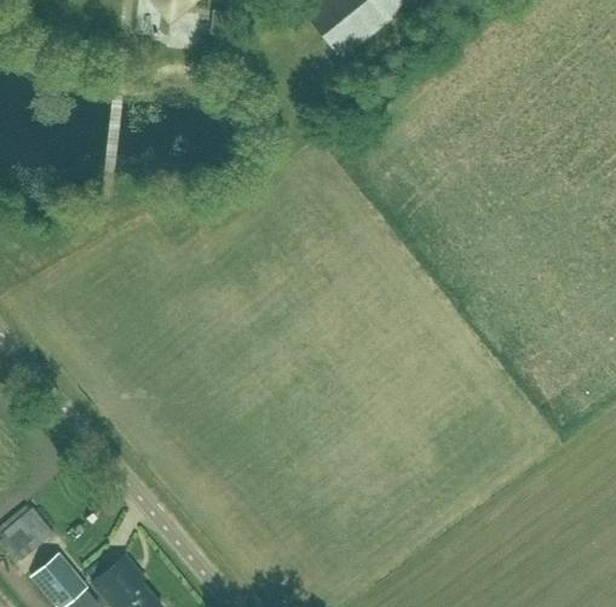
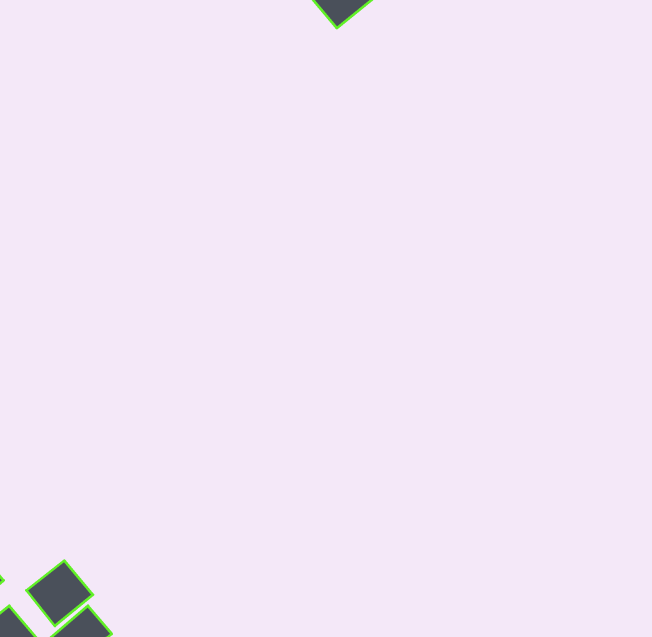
building: none -> [26,561,93,626]

